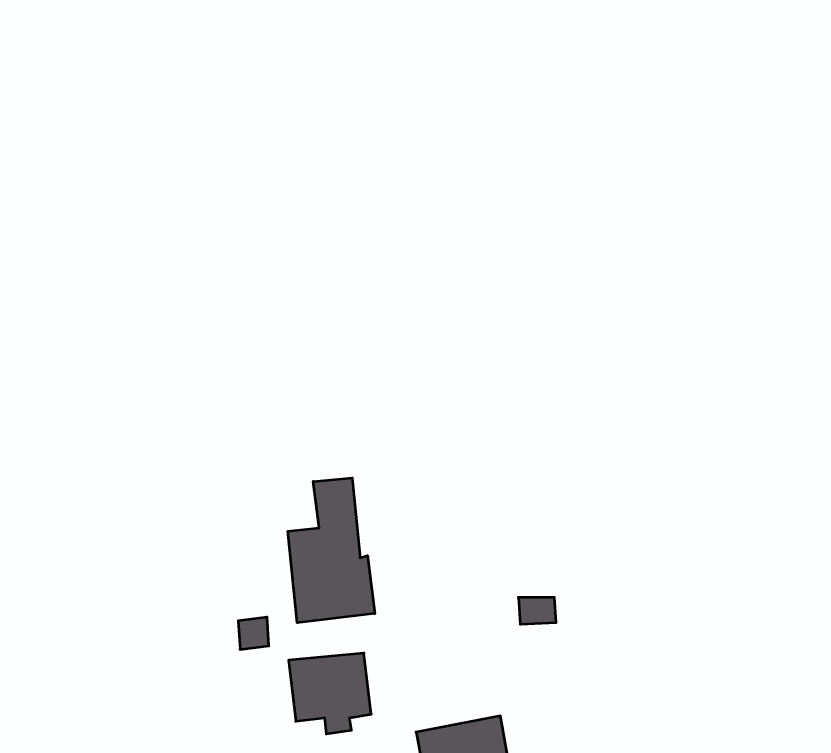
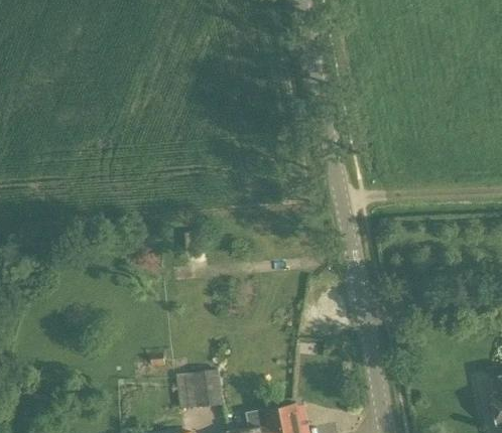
building: [288,478,375,623] -> none

